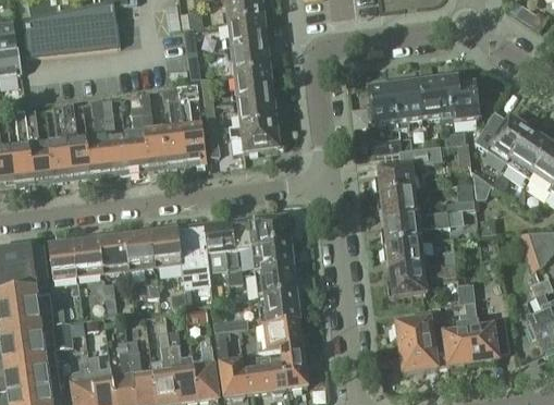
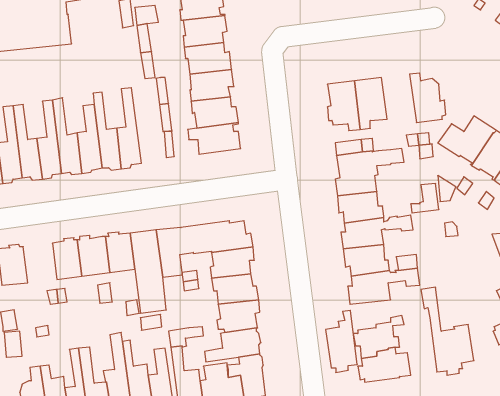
building: [419,74,453,122] -> none
building: [177,84,206,162] -> none
building: [73,236,106,275] -> none
building: [442,309,472,369] -> [326,310,357,372]

